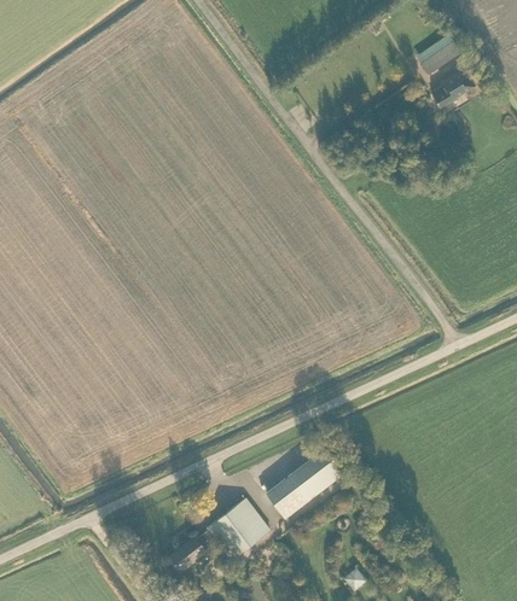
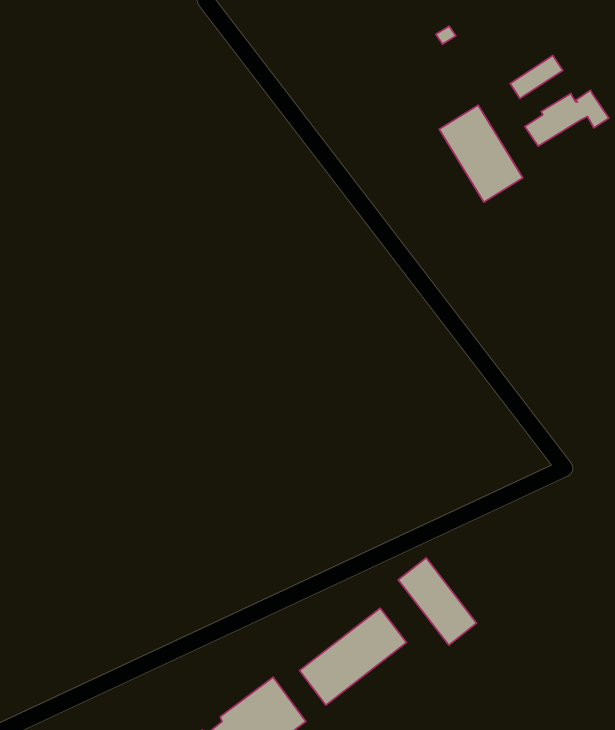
building: none -> [439,105,523,202]
building: none -> [398,558,477,645]

